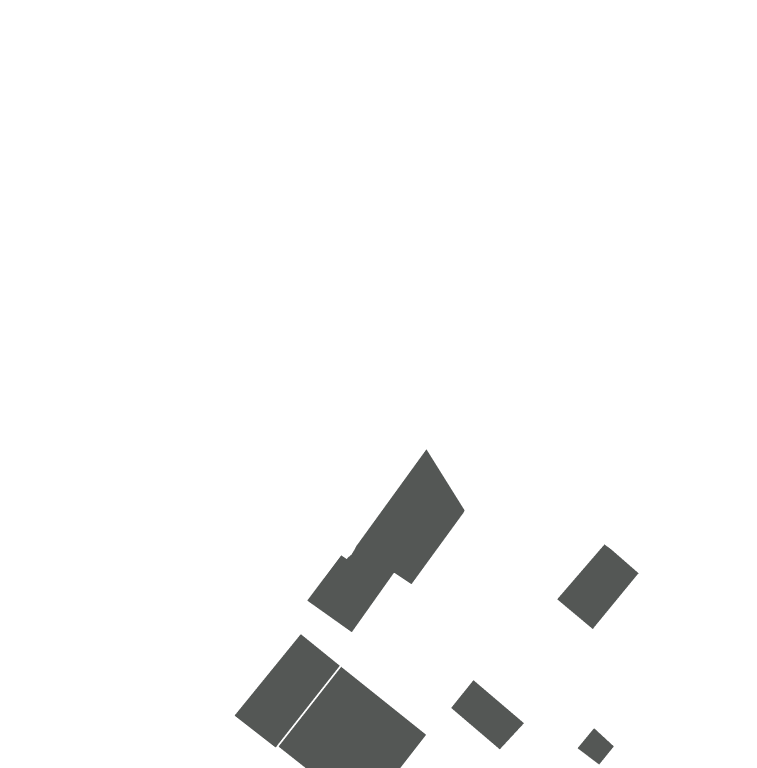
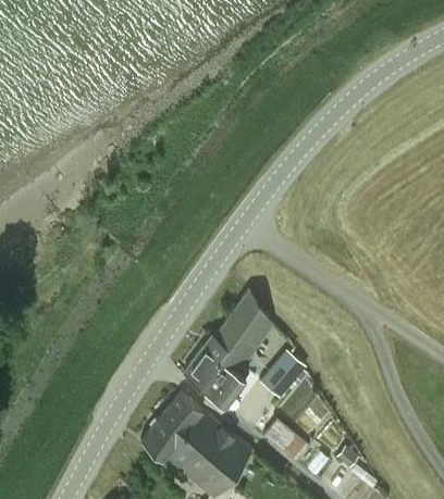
building: [556,544,641,630] -> [259,350,307,399]
building: none -> [209,360,249,406]

